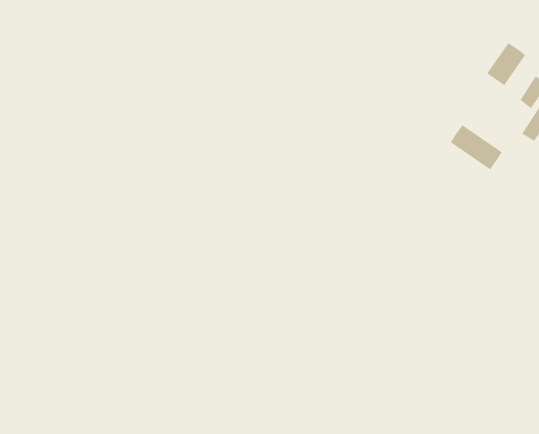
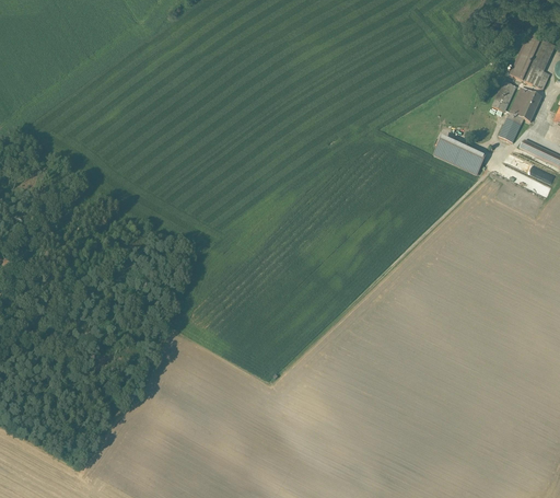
building: [486,42,526,86] -> none

